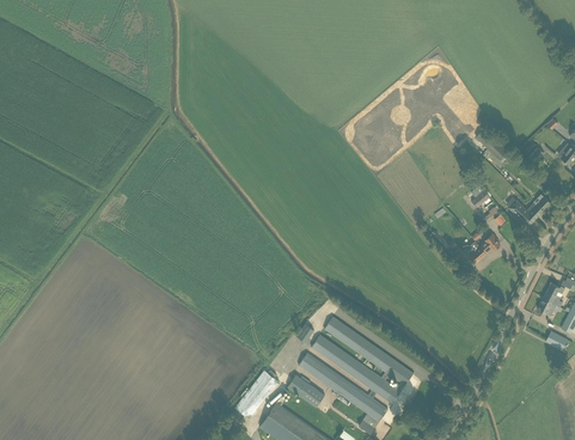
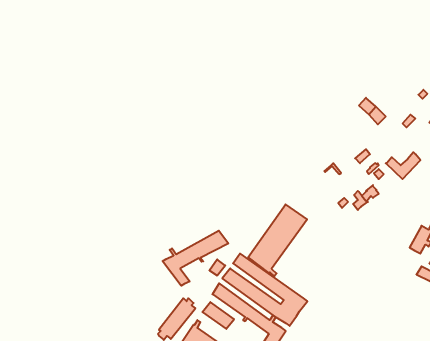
building: none -> [248,204,307,276]
building: none -> [163,231,228,286]

